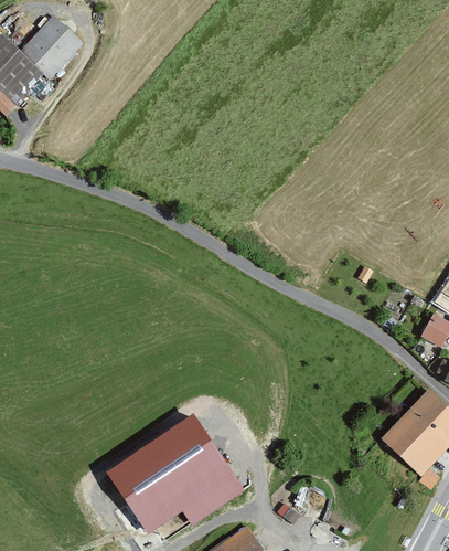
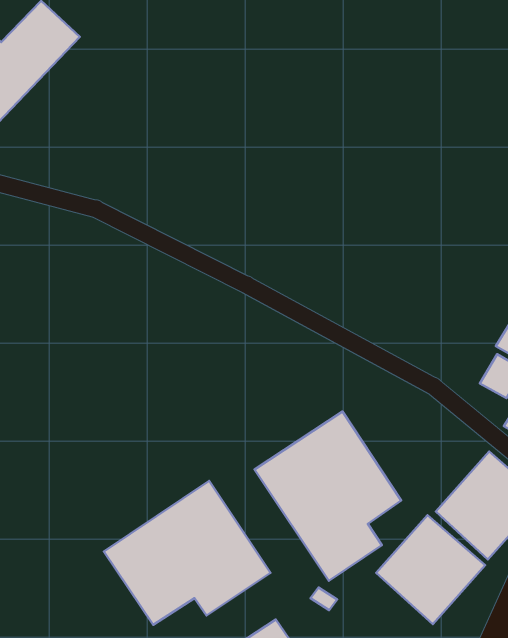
building: none -> [255,412,401,581]
building: none -> [376,515,485,624]

